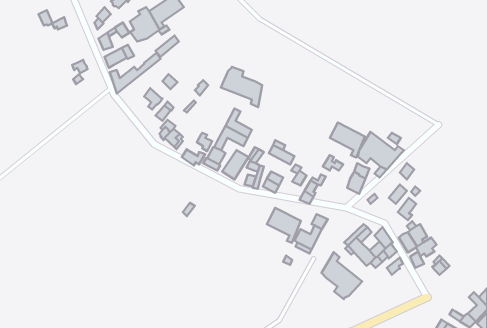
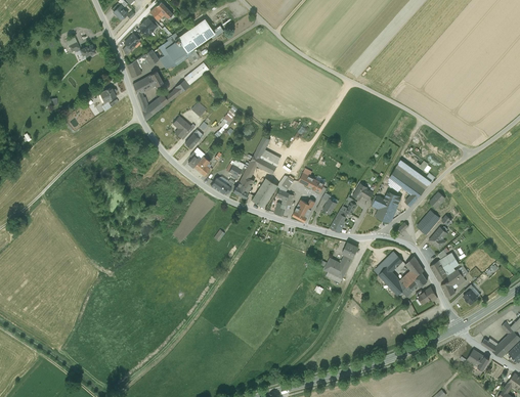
building: [221,67,262,107] -> none
building: [330,123,365,157] -> none
building: [267,208,301,243] -> none
building: [322,252,362,299] -> none

